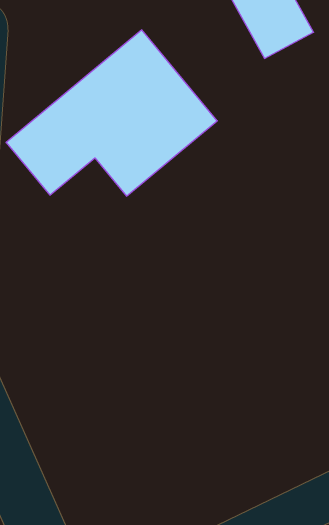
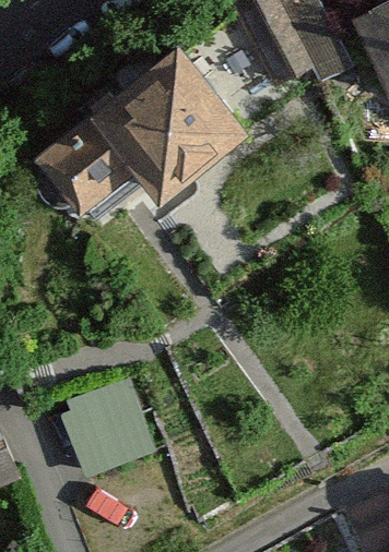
building: none -> [63,377,160,472]

